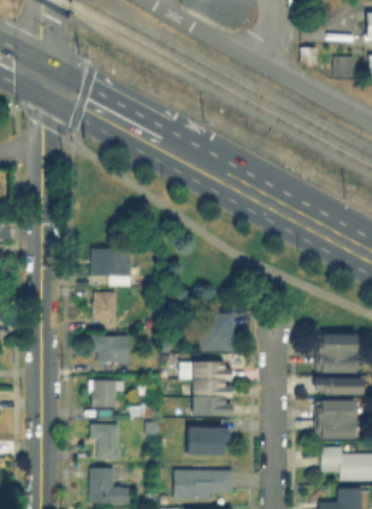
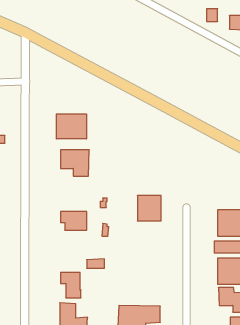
building: none -> [56,114,86,139]
building: [91,292,117,330] -> none
building: [191,362,235,417] -> none
building: [93,380,117,419] -> none
building: [190,428,232,455] -> none

